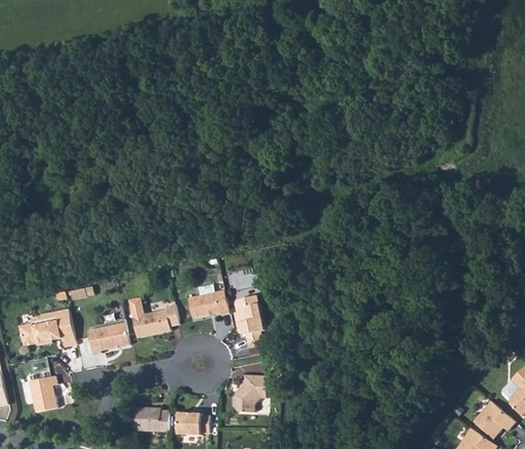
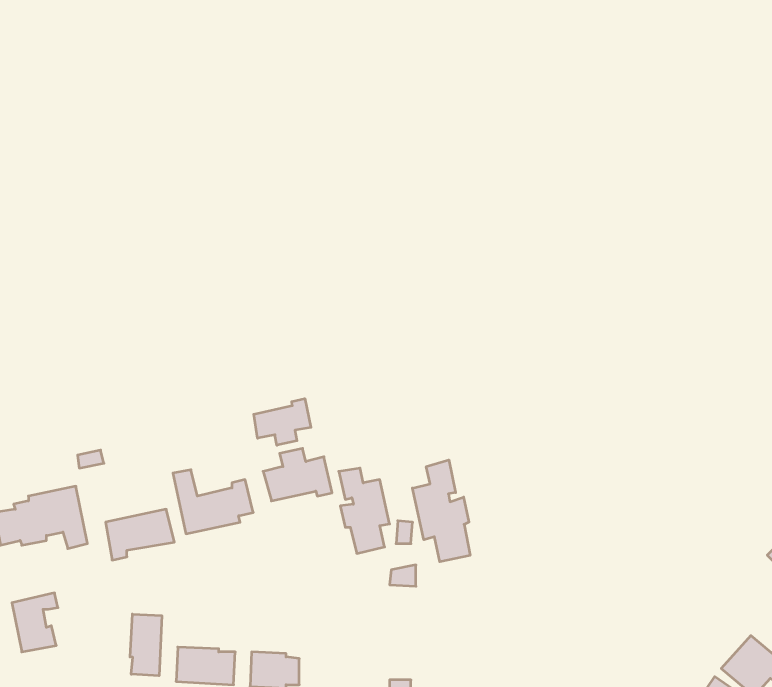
building: none -> [254,399,311,445]
building: none -> [412,460,470,562]
building: [231,376,266,419] -> none
building: none -> [130,614,162,676]

